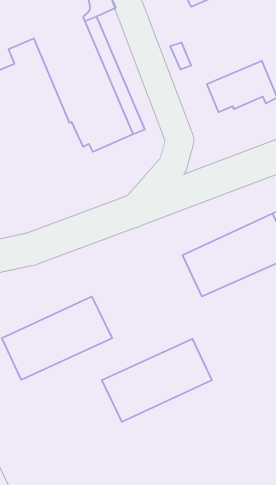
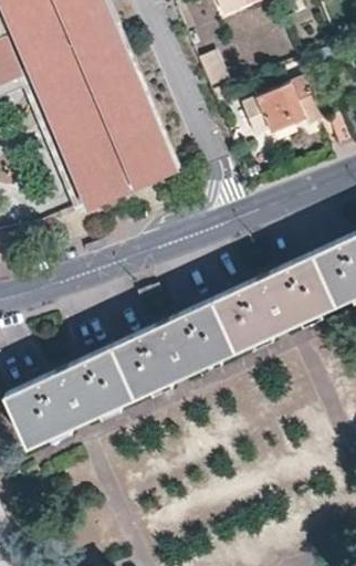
building: none -> [15,53,115,207]
building: [102,339,212,422] -> [111,301,237,396]

